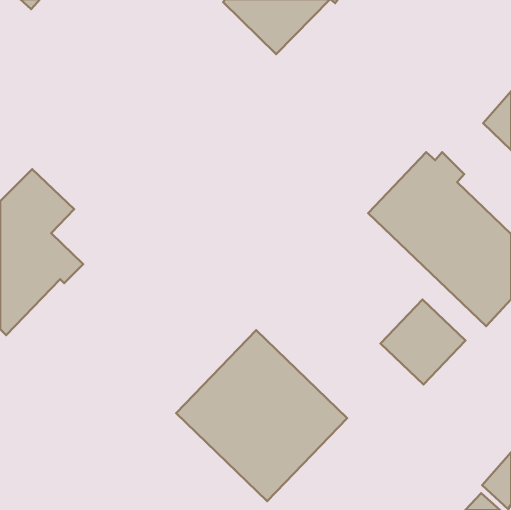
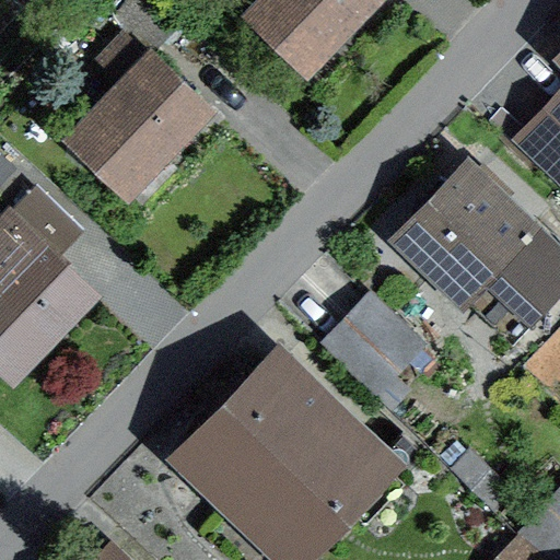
building: none -> [85,32,207,202]
building: [380,300,465,385] -> [327,295,420,388]

